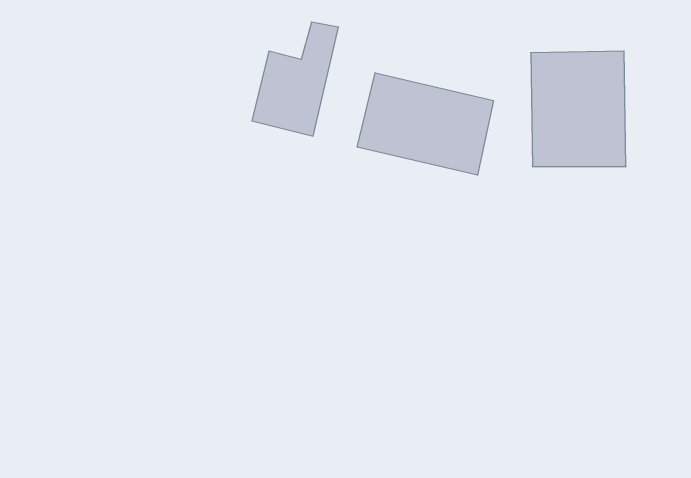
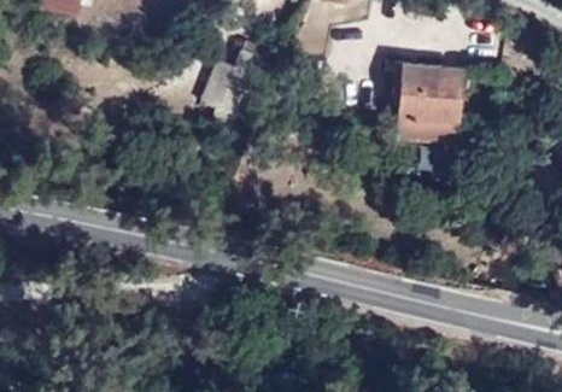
building: [357,73,493,175] -> none

